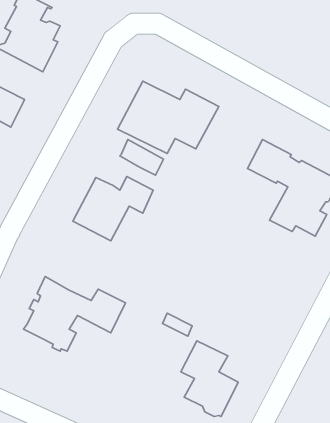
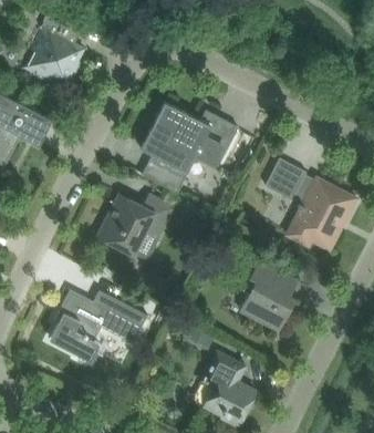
building: none -> [239,260,298,331]

